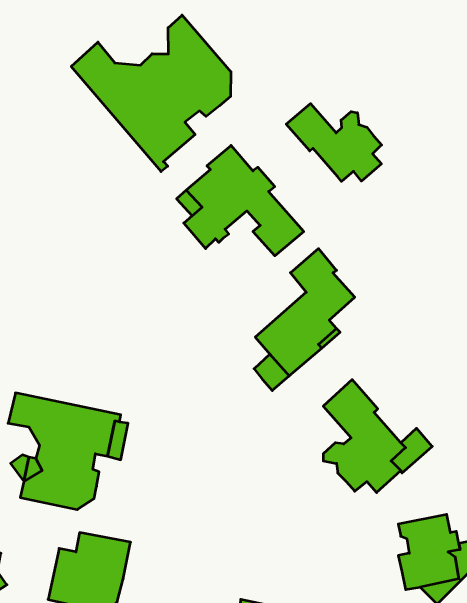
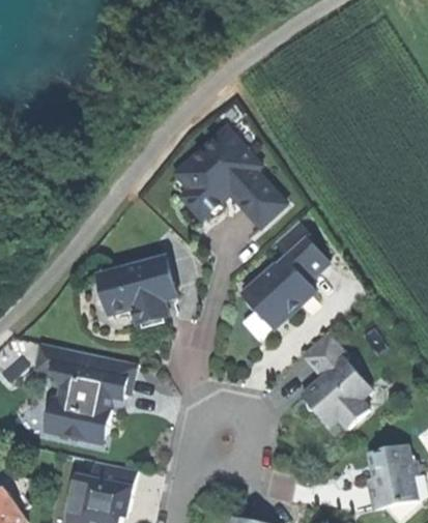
building: [71,15,231,172] -> none
building: [286,104,382,181] -> none
building: none -> [97,258,174,324]

